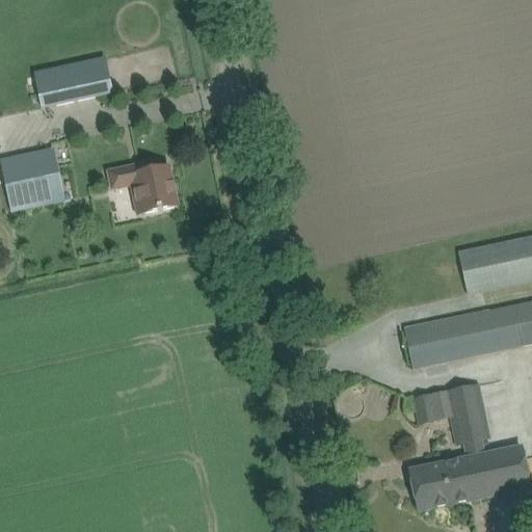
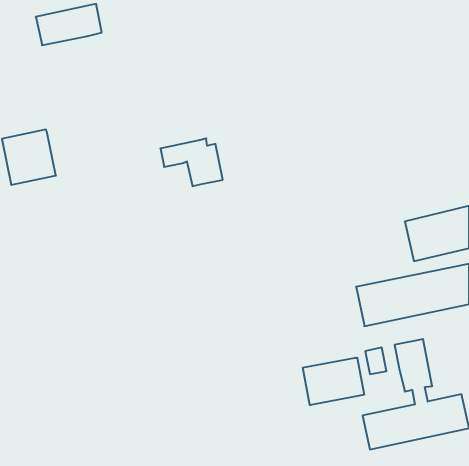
building: [36,58,111,105] -> [36,4,102,45]
building: [107,158,178,212] -> [160,138,223,186]
building: none -> [303,358,364,405]

